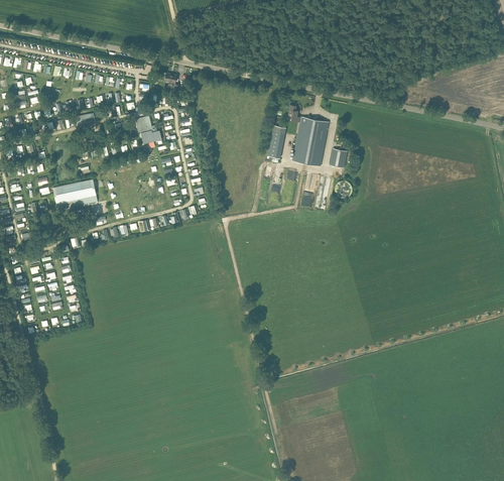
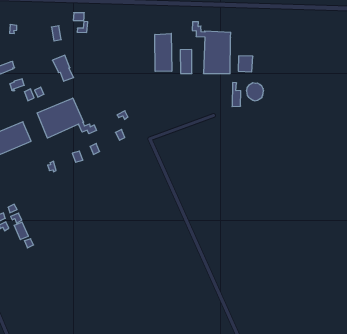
building: none -> [155,33,172,71]
building: none -> [37,98,96,138]

